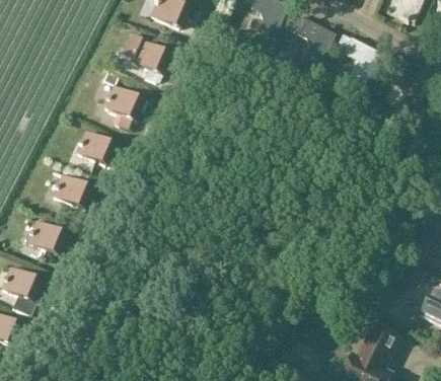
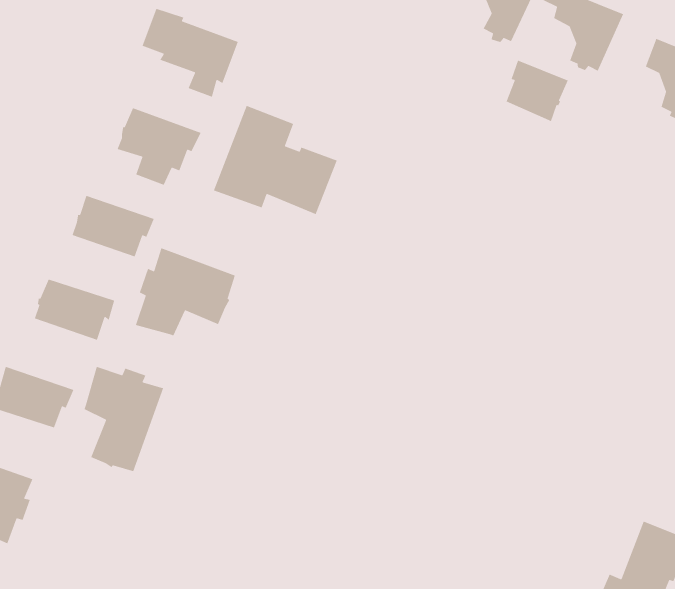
building: none -> [506,59,569,122]
building: none -> [213,105,338,215]
building: none -> [135,247,236,336]
building: none -> [84,366,164,472]

